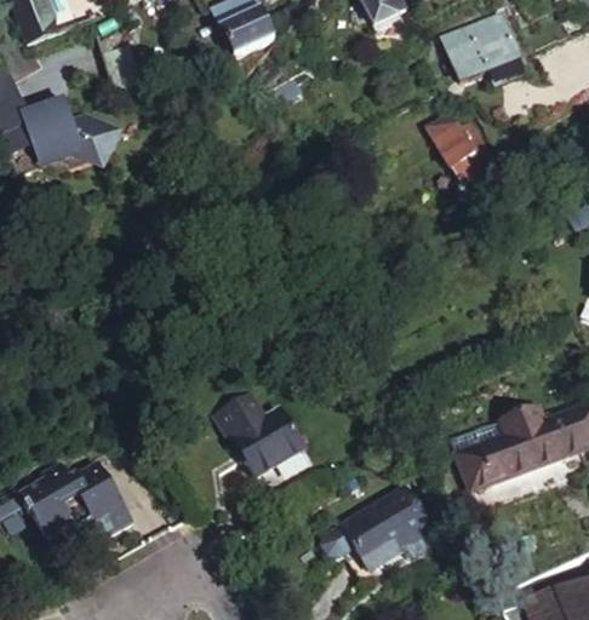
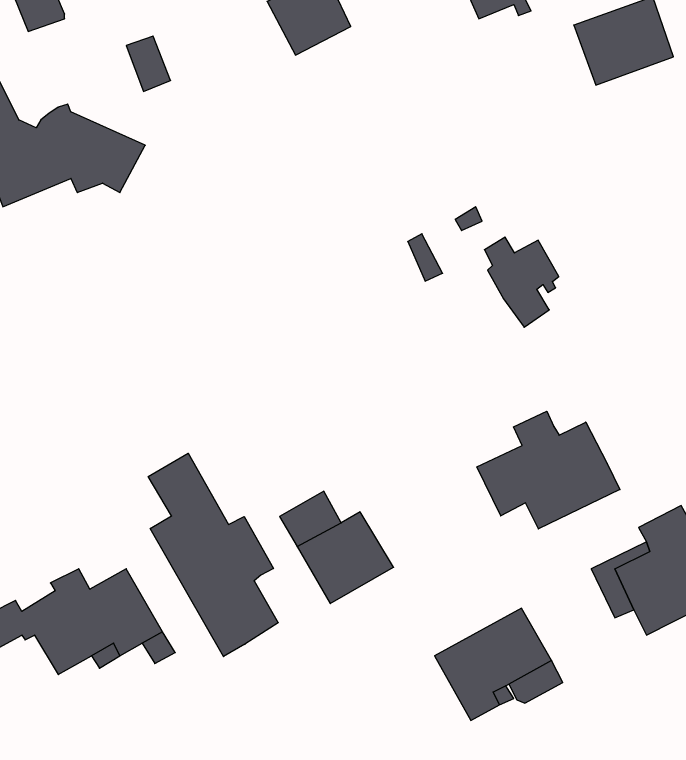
building: [429,111,486,180] -> [484,237,559,327]
building: none -> [477,411,620,529]
building: none -> [148,453,278,657]

